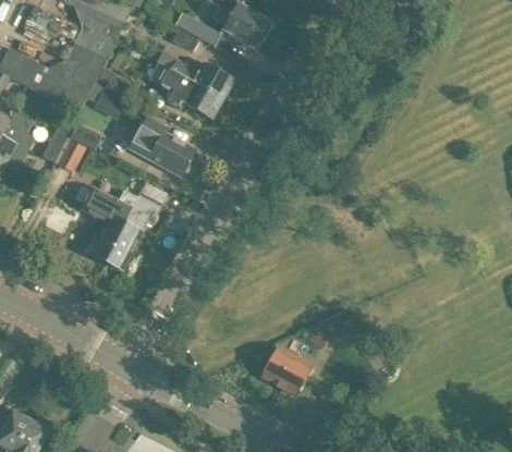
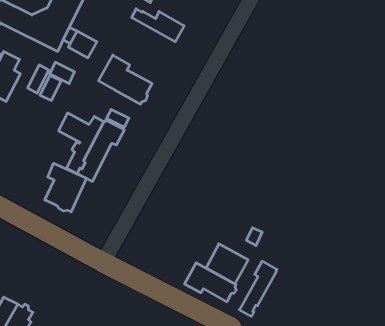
building: [147,62,222,119] -> none
building: none -> [45,163,86,212]
building: none -> [239,261,277,316]
building: none -> [185,263,236,302]

